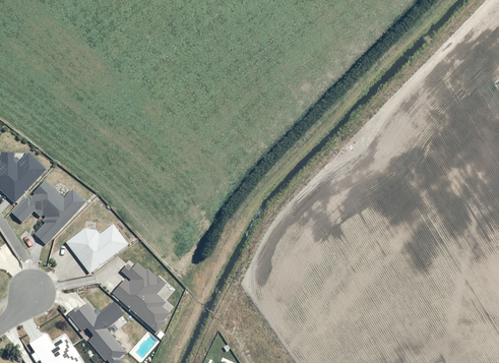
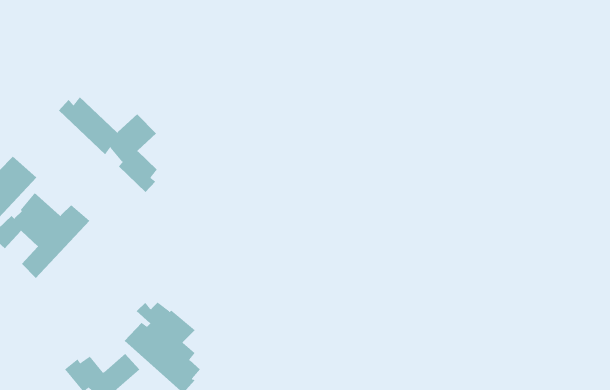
building: none -> [58,96,158,193]
building: [65,223,128,273] -> none

